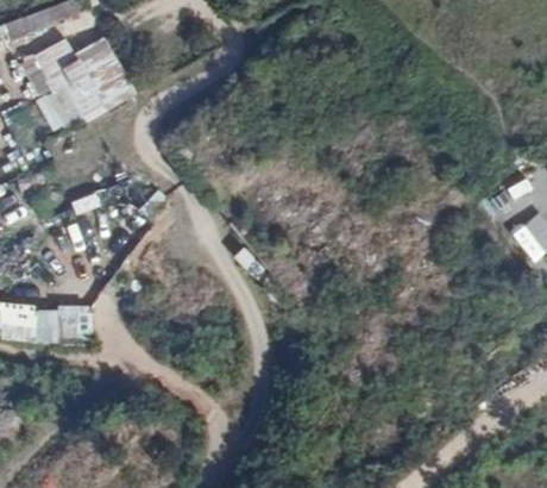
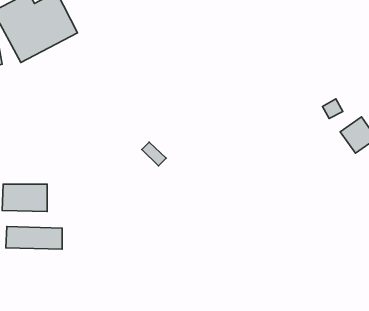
building: none -> [6,227,62,249]

